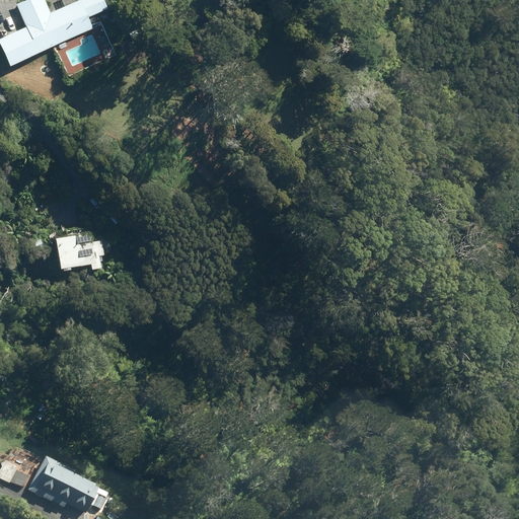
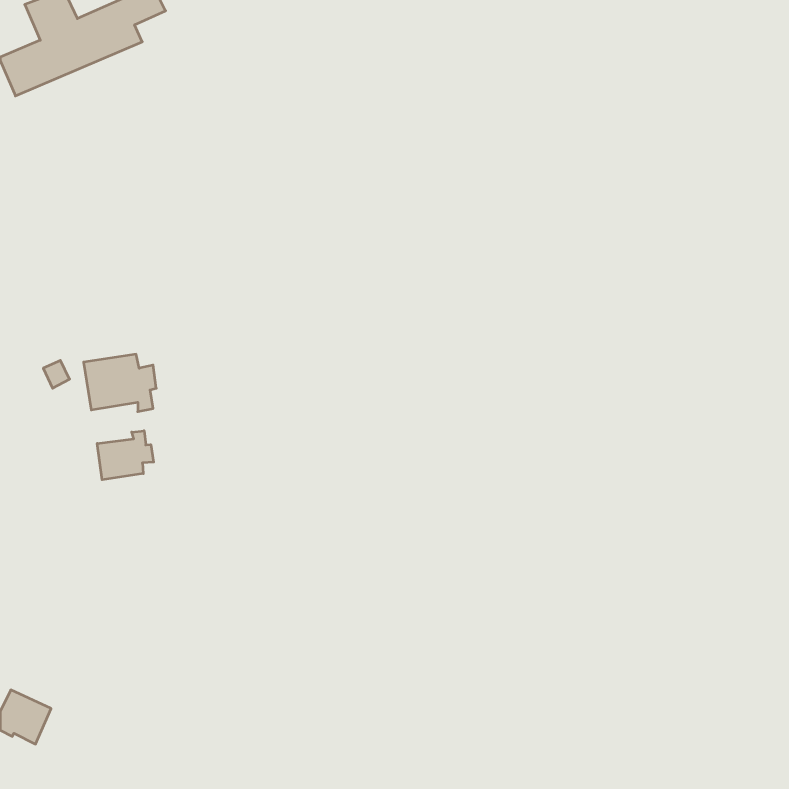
building: none -> [97,431,154,480]
building: [26,458,95,513] -> none

